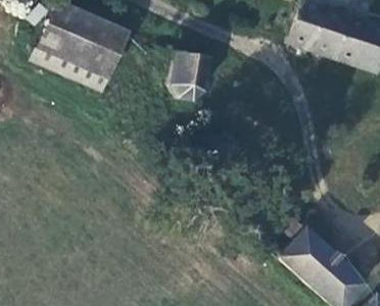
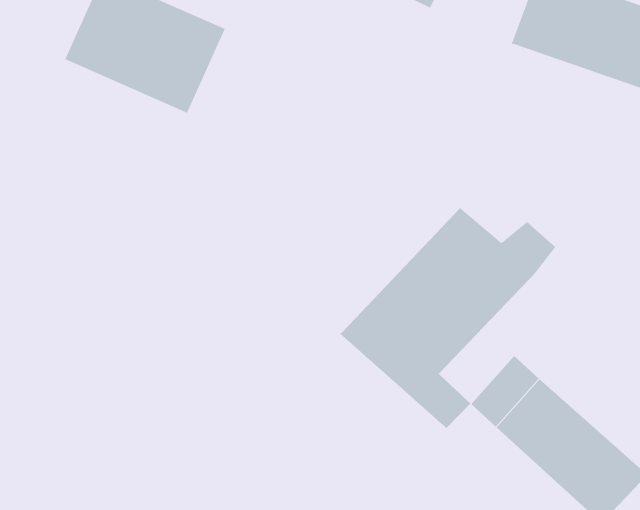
building: [171,51,209,98] -> none
building: none -> [339,207,556,429]

